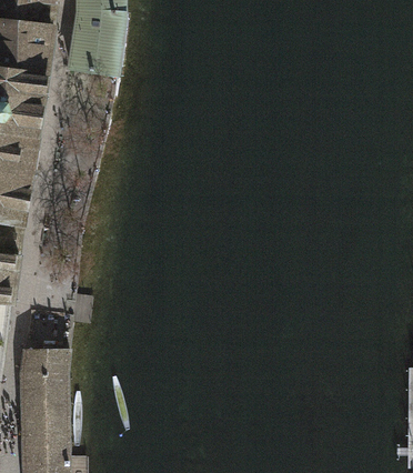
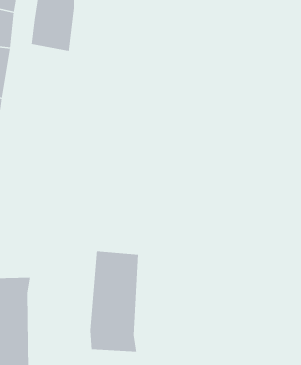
building: none -> [89,251,139,353]

